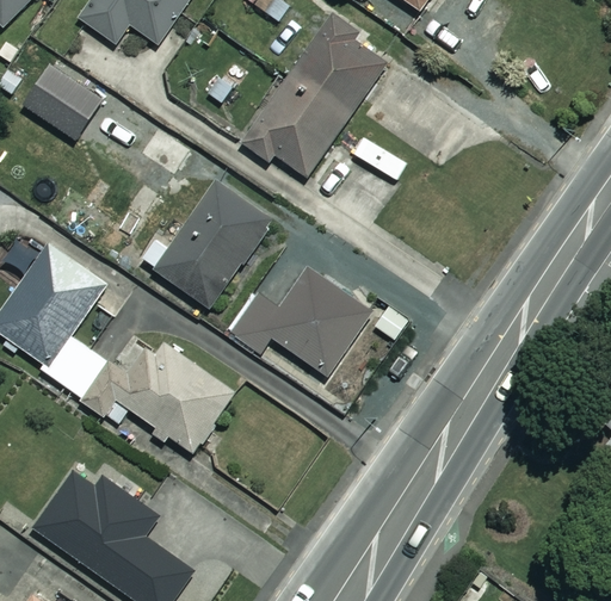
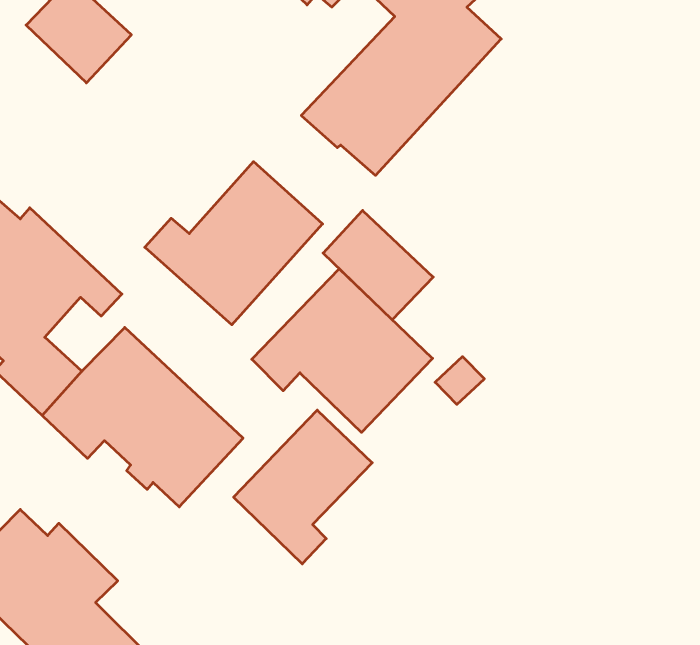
building: none -> [323,210,433,320]
building: none -> [234,410,372,564]

